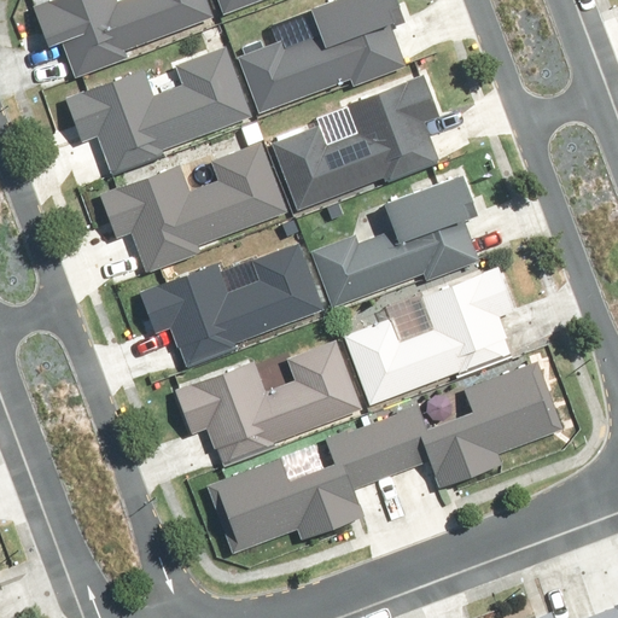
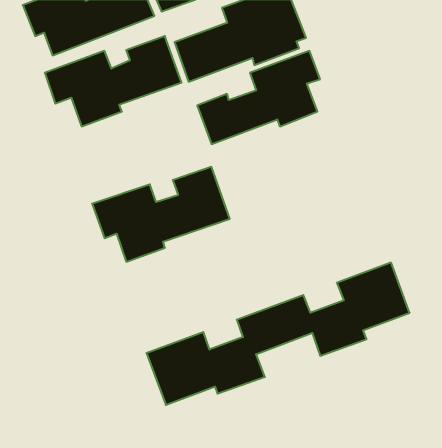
building: [99,141,288,272] -> none
building: [314,175,483,302] -> none
building: [345,268,515,409] -> none
building: [176,339,362,465] -> none

